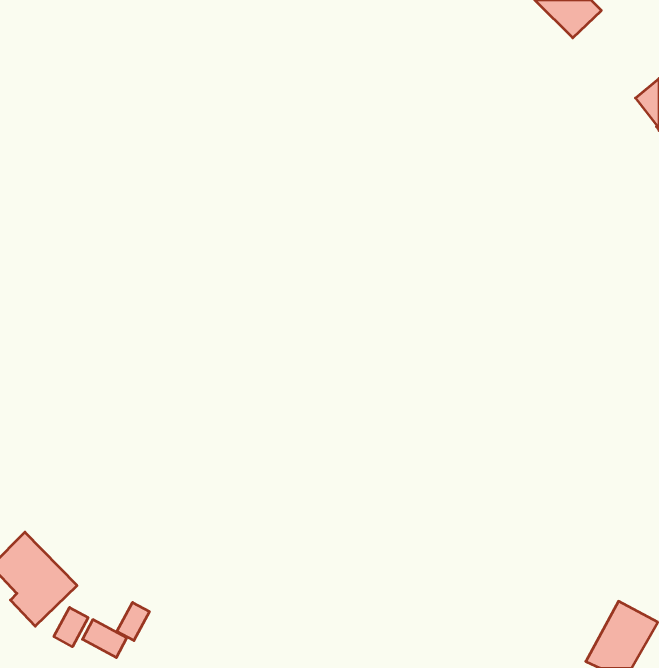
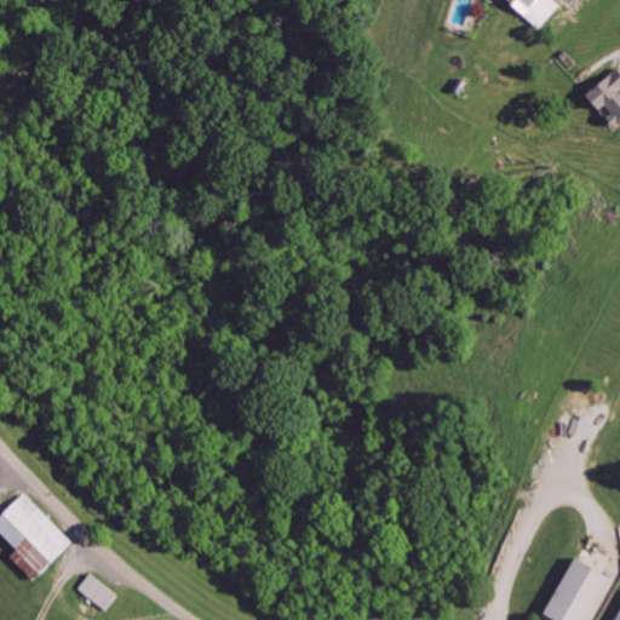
building: [117,602,149,641] -> none
building: [54,607,88,647] -> none

